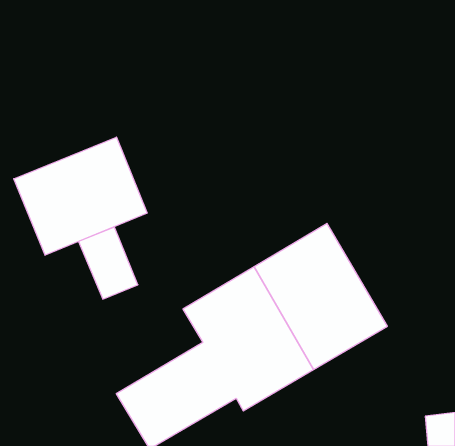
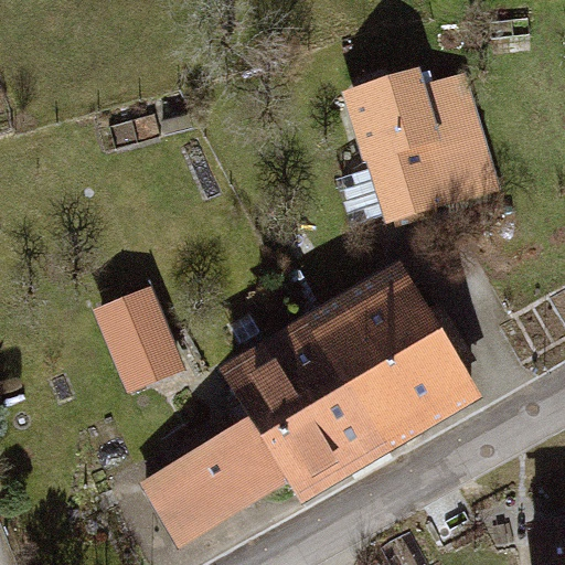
building: none -> [356,57,490,203]
building: [14,137,147,255] -> none

